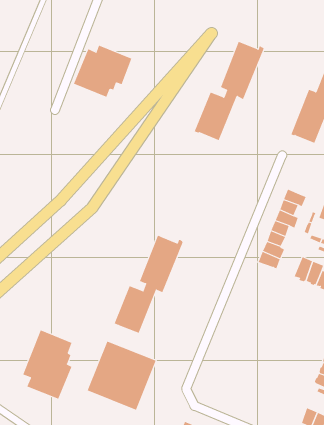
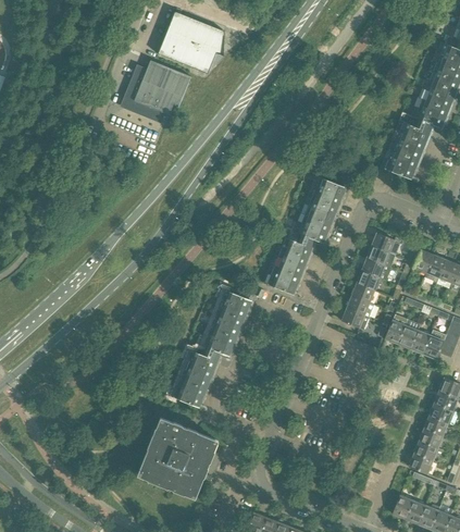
building: none -> [159,11,225,73]
building: [194,41,264,141] -> [263,175,348,295]
building: [22,330,72,400] -> none

